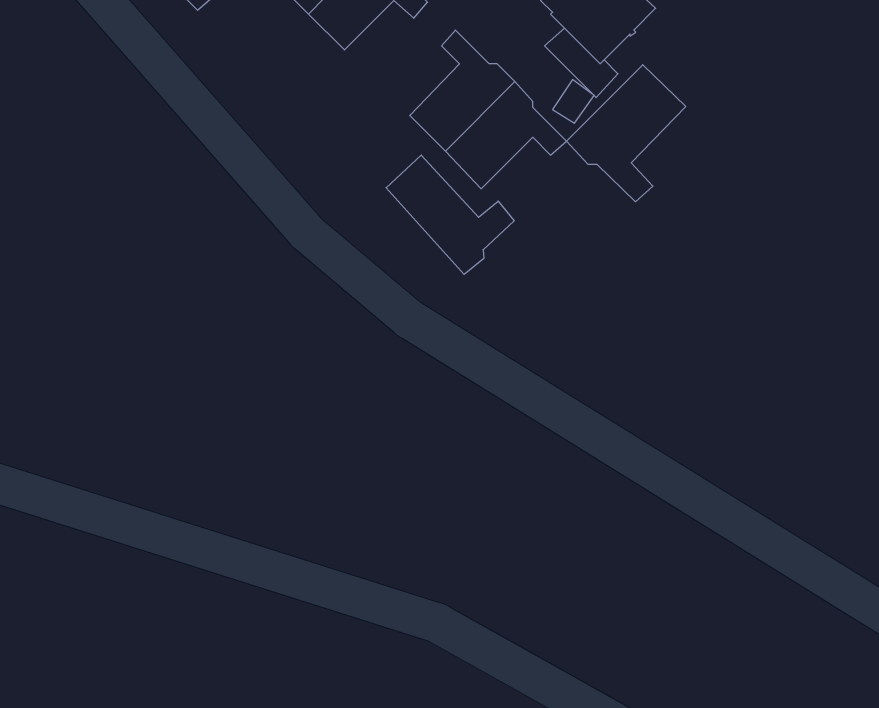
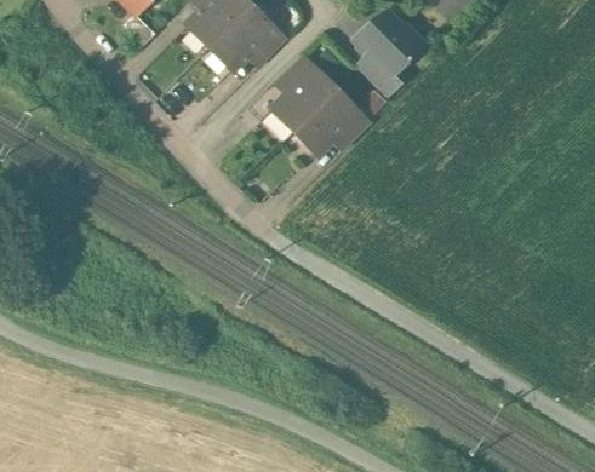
building: [566,65,686,202] -> none
building: [386,155,514,274] -> none

